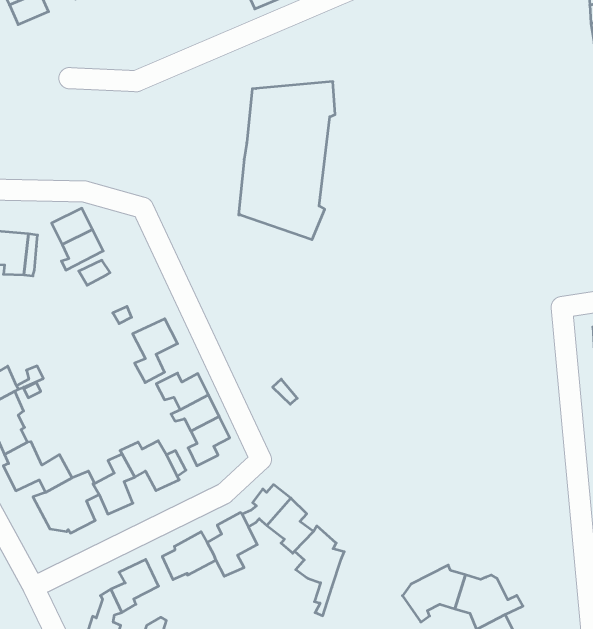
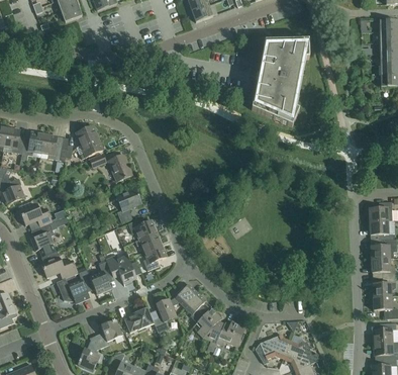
building: [239,82,335,240] -> [252,39,308,125]
building: none -> [108,154,132,180]
building: none -> [216,320,244,346]

